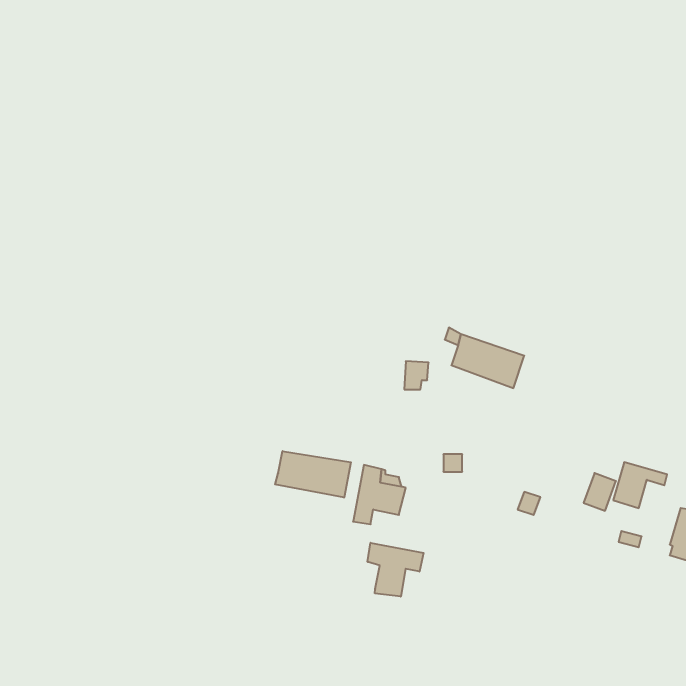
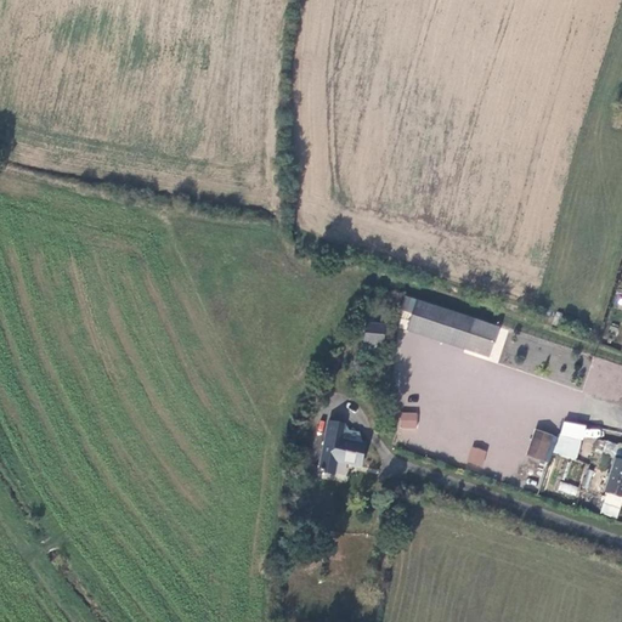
building: none -> [465,321,499,357]
building: [275,451,351,498] -> none
building: [368,543,424,597] -> none

